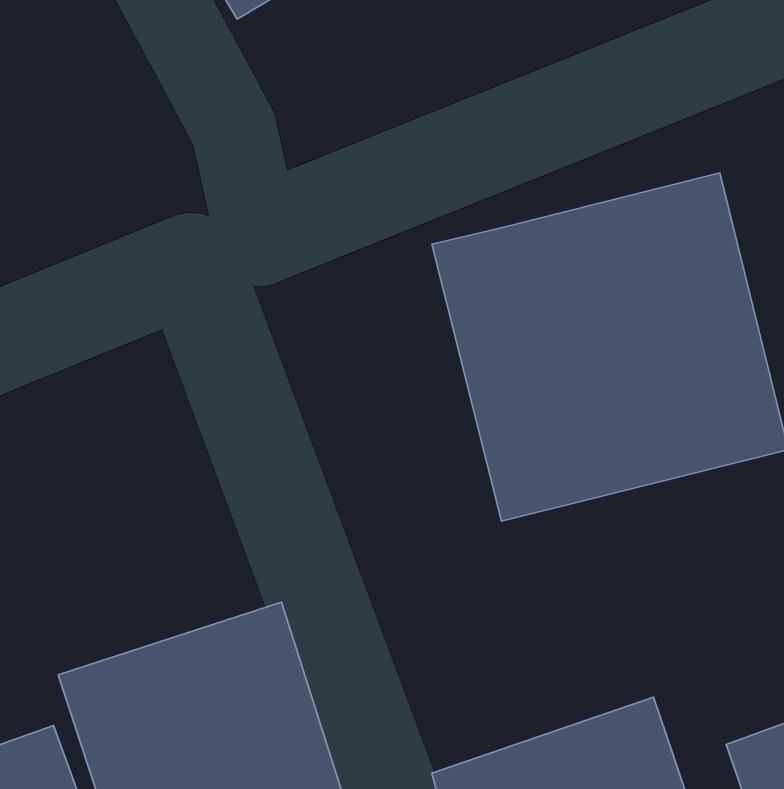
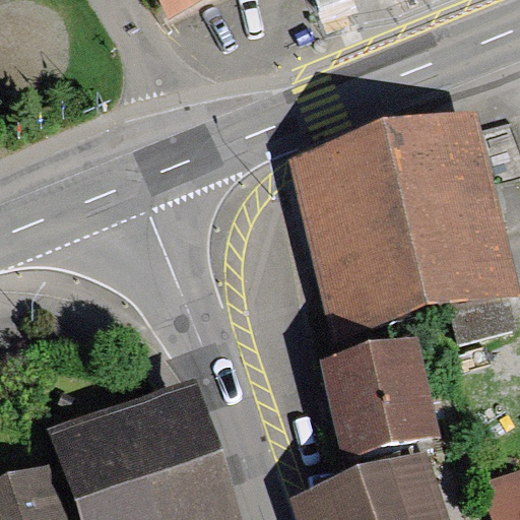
building: none -> [319,341,440,456]

